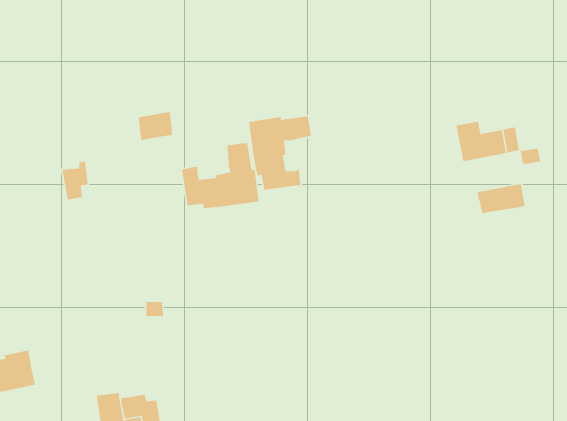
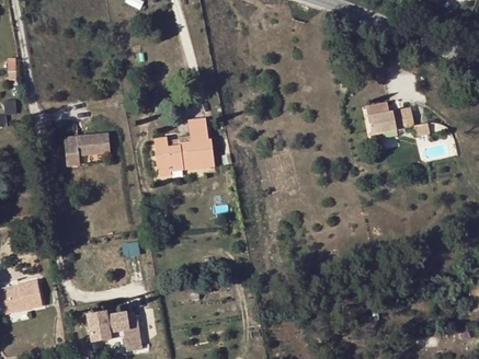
building: [138,111,173,141] -> [80,129,107,152]
building: [248,116,312,190] -> none
building: [477,183,525,215] -> none

